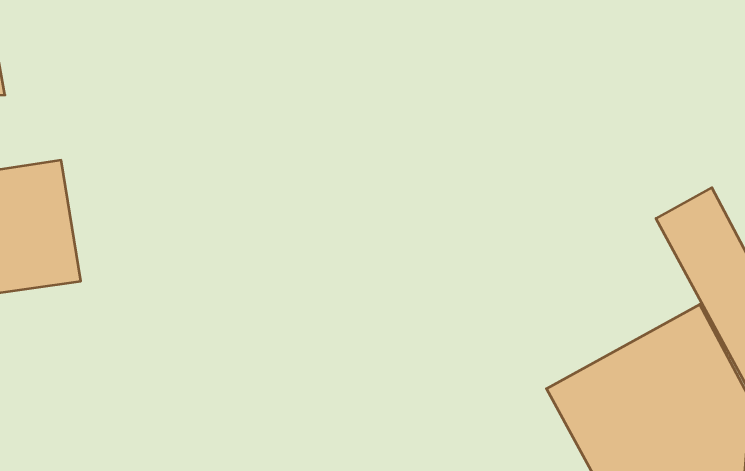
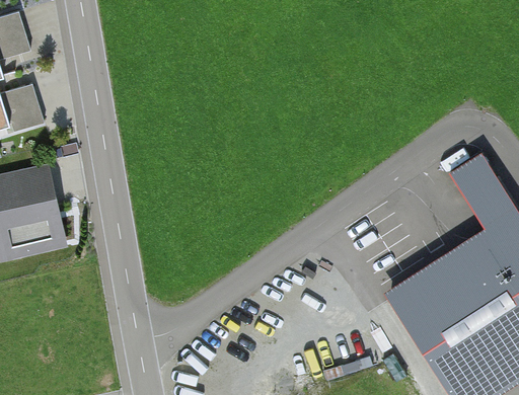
building: none -> [7,82,48,130]

